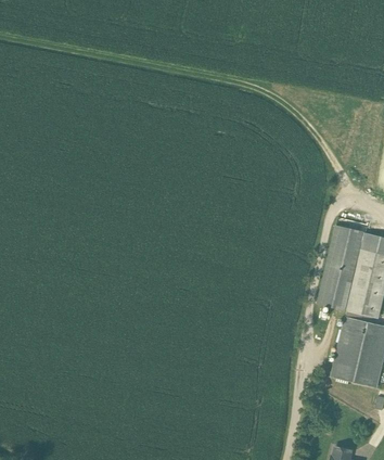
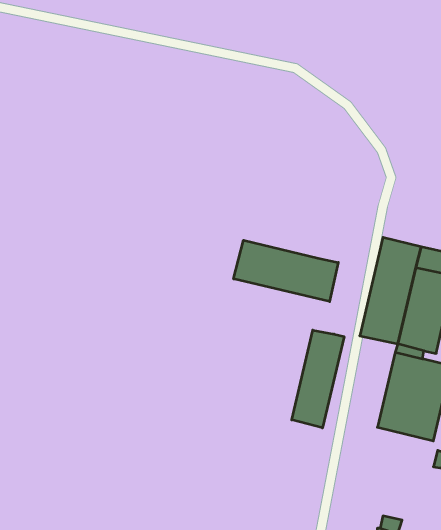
building: none -> [234,240,338,302]
building: none -> [292,330,344,428]

